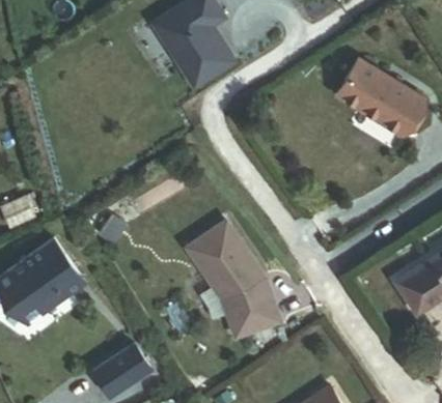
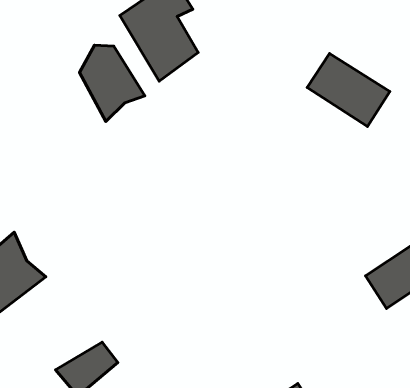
building: none -> [79,45,145,122]
building: [187,219,280,335] -> none

